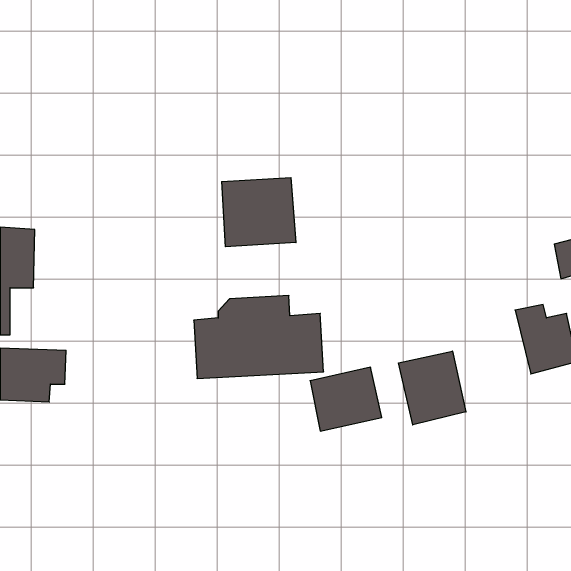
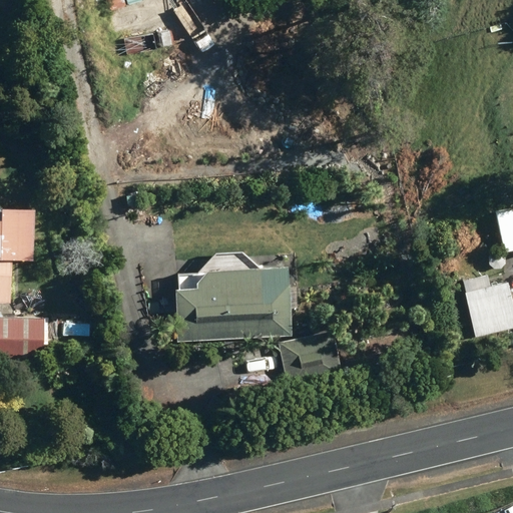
building: [222,178,296,247] -> none
building: [399,351,466,425] -> none

